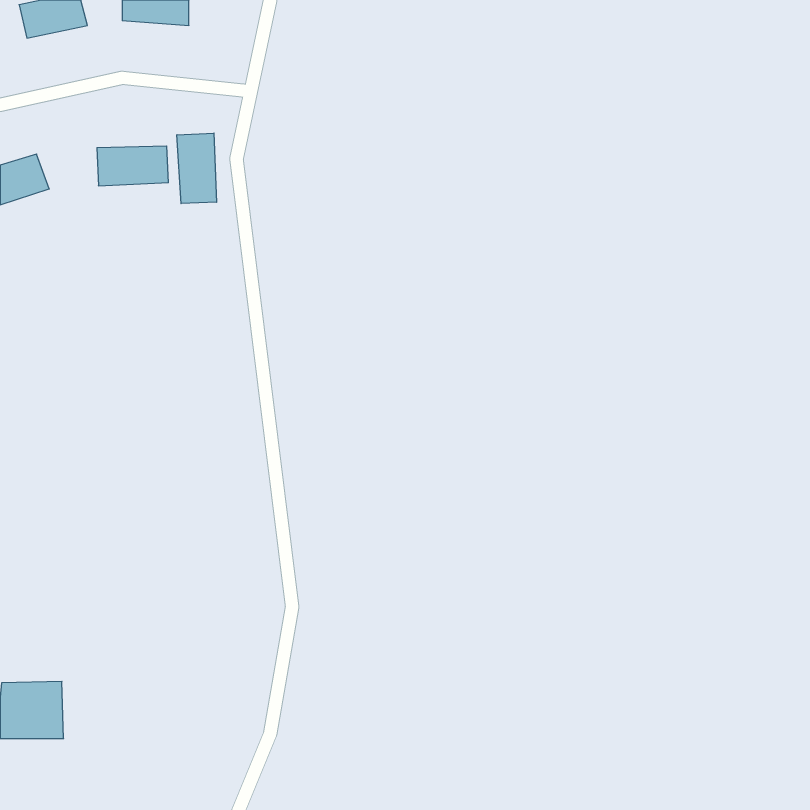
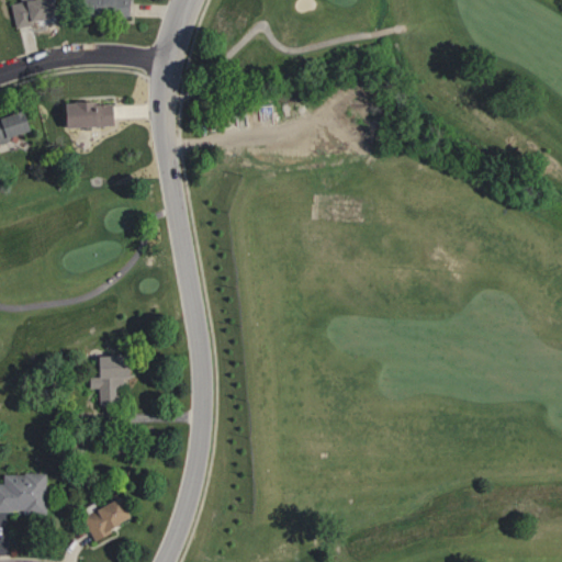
building: [177,133,217,204] -> none
building: none -> [93,357,121,400]
building: none -> [79,495,125,542]

